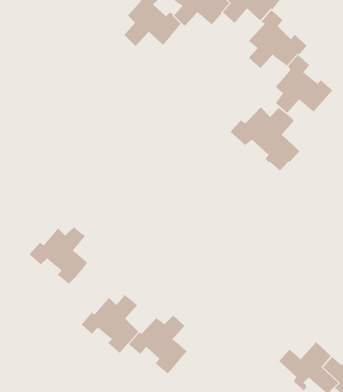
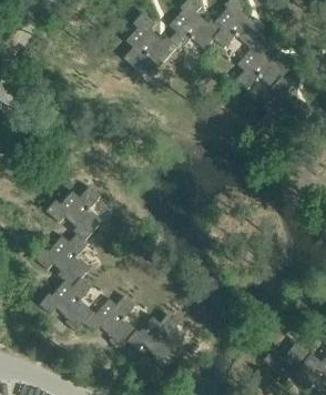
building: [230,106,300,171] -> none
building: none -> [45,186,102,241]
building: none -> [39,278,93,333]

